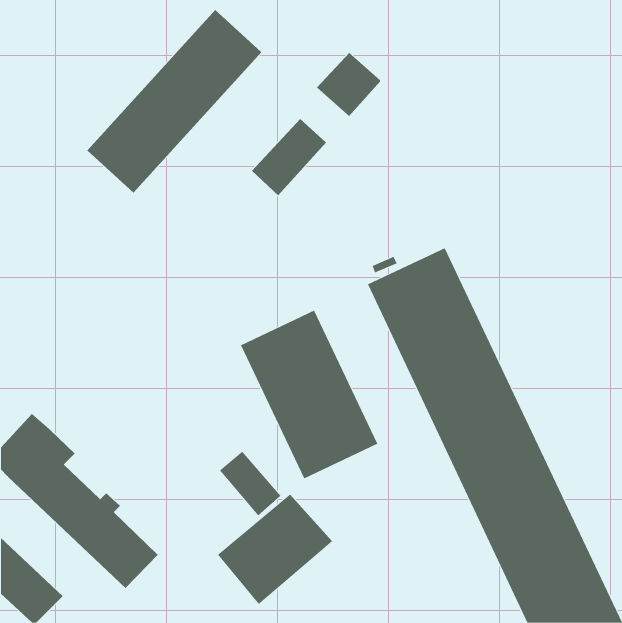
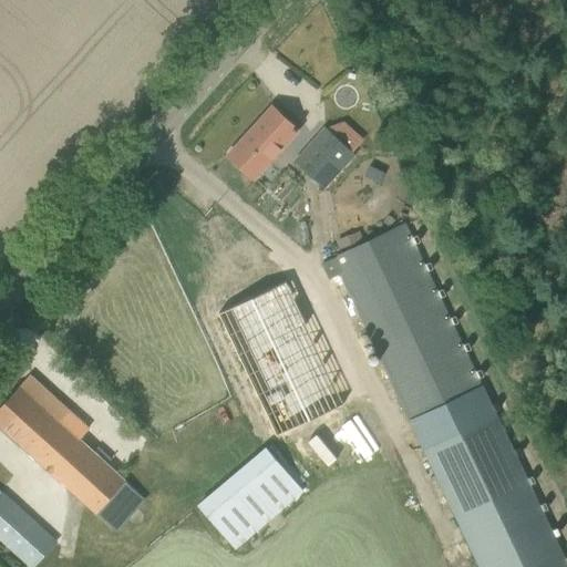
building: [87,9,262,194] -> none
building: [316,52,381,117] -> [296,128,354,187]
building: [219,451,281,516] -> none

